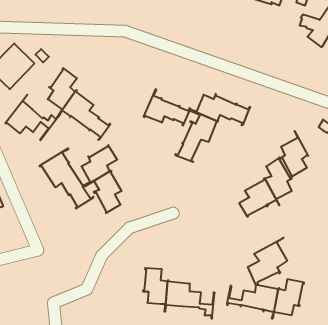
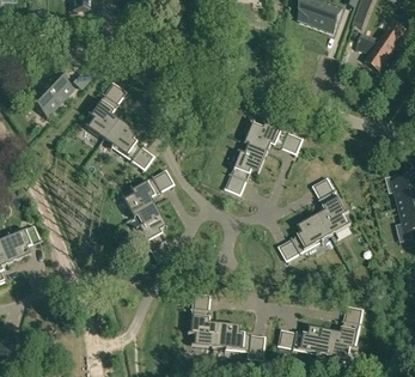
building: [144,89,190,126] -> none
building: [5,95,58,140] -> none
building: [280,131,308,177] -> none
building: [40,148,93,209] -> none
building: [248,238,287,285] -> none

